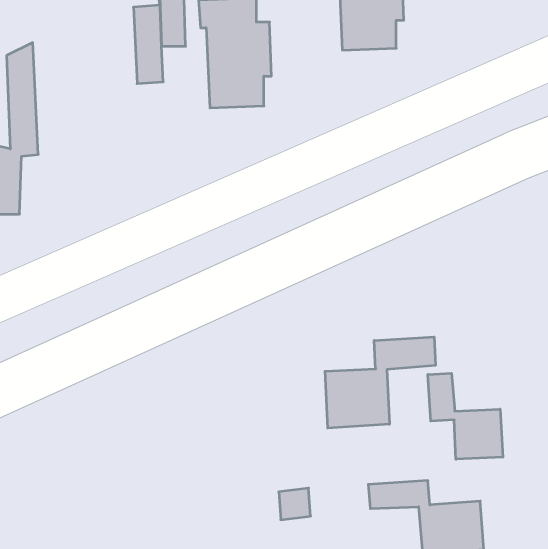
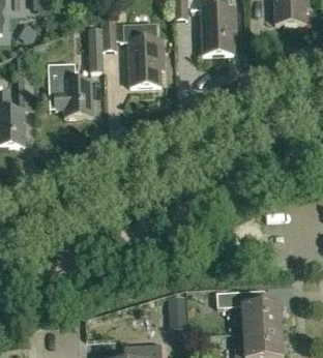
building: none -> [53,73,93,114]
building: [325,337,435,428] -> none
building: [428,373,503,459] -> none

